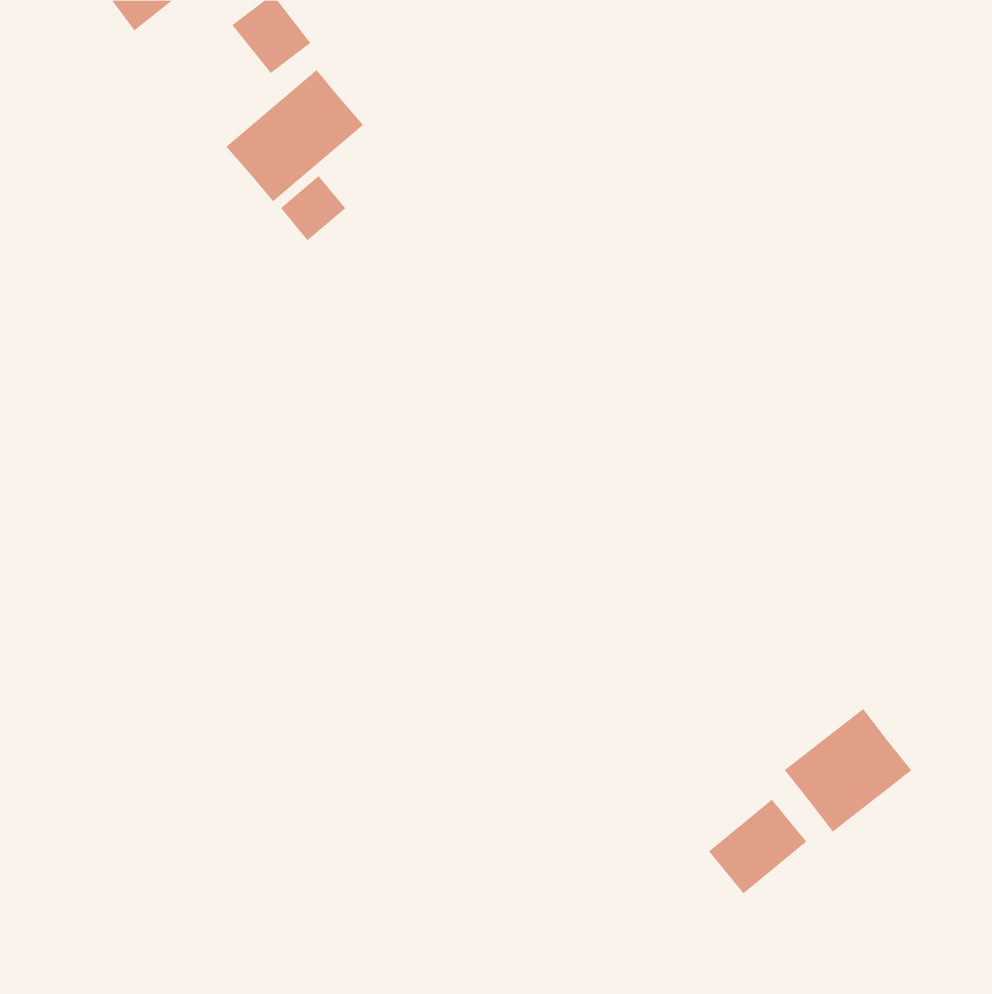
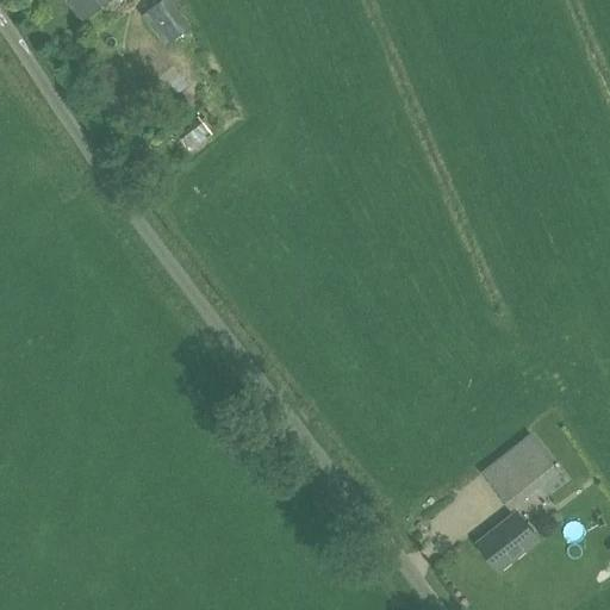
building: [226,69,364,202] -> none
building: [708,799,807,894] -> [478,511,539,569]

